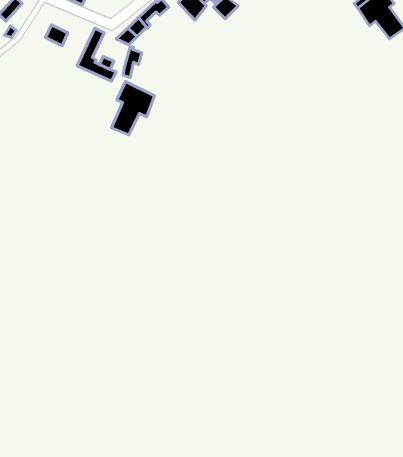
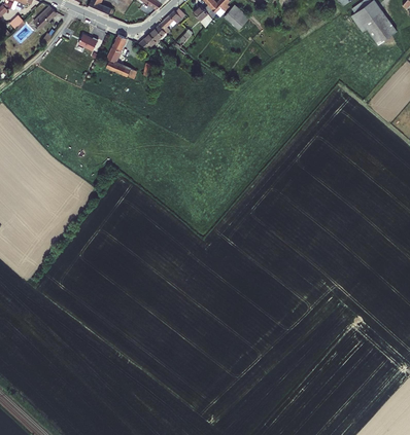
building: [111,81,155,135] -> none

